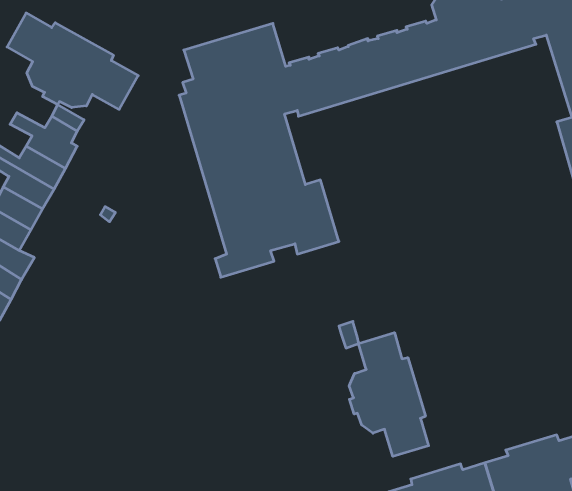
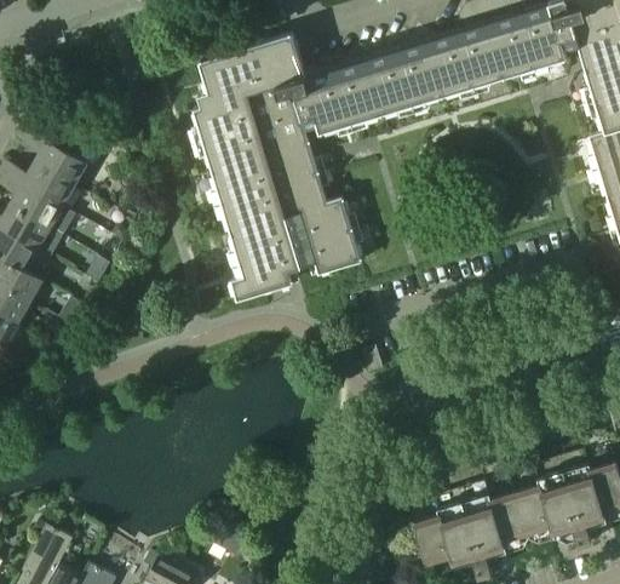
building: [7,13,138,109] -> none
building: [349,333,429,456] -> none

